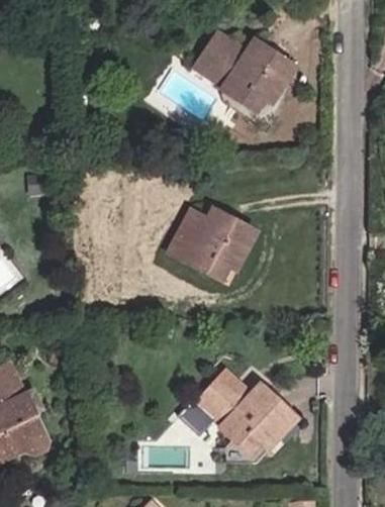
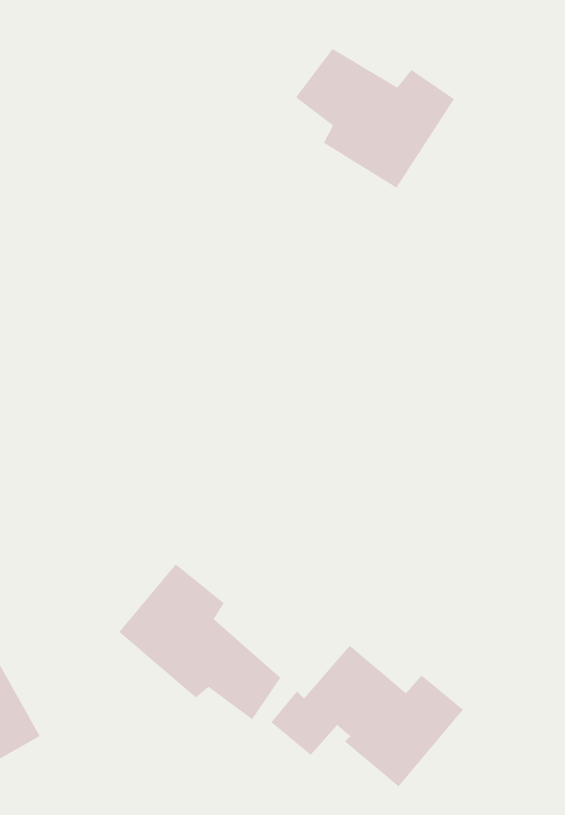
building: [168,200,254,277] -> none
building: none -> [119,564,281,720]

